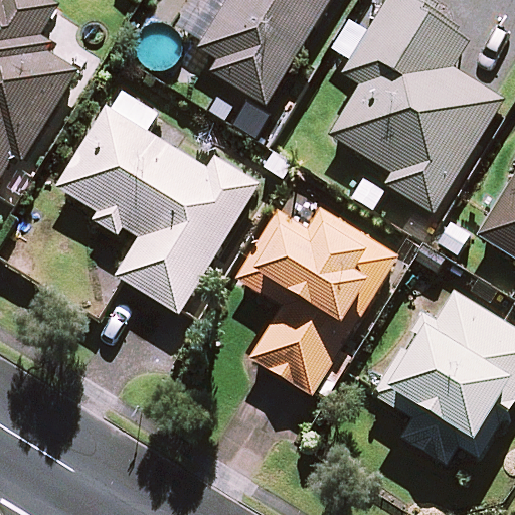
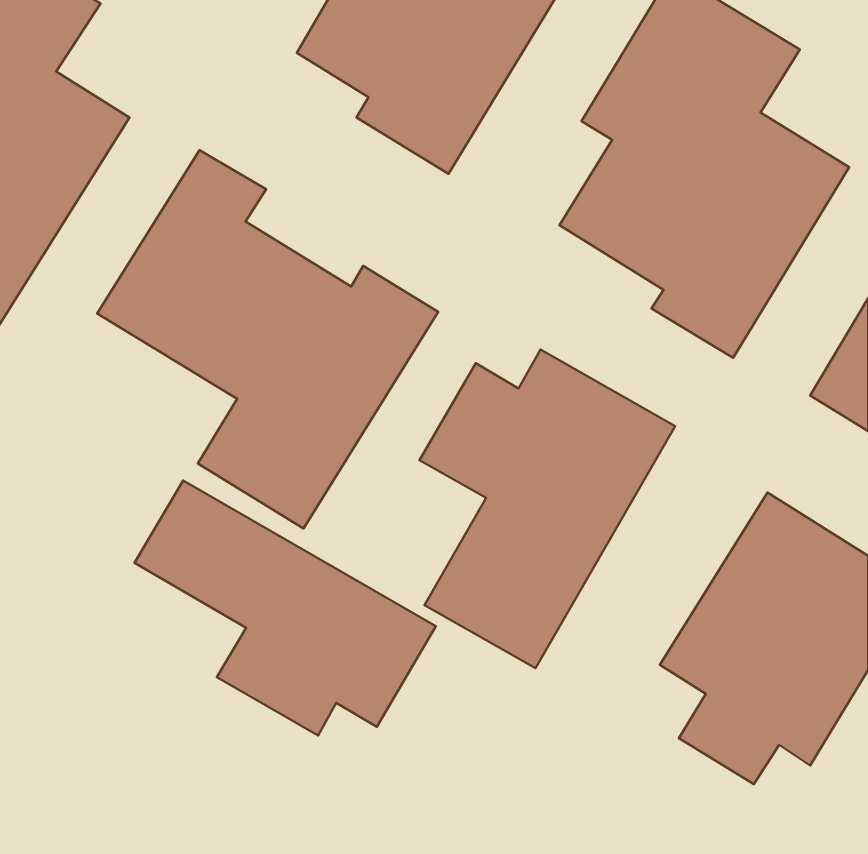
building: none -> [134,480,436,736]

